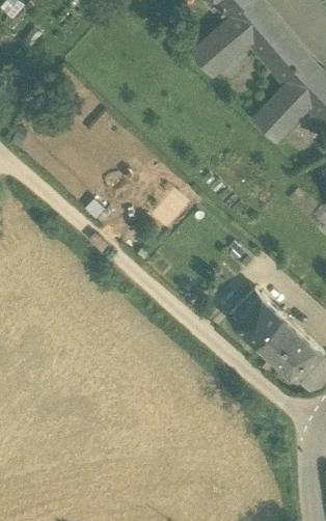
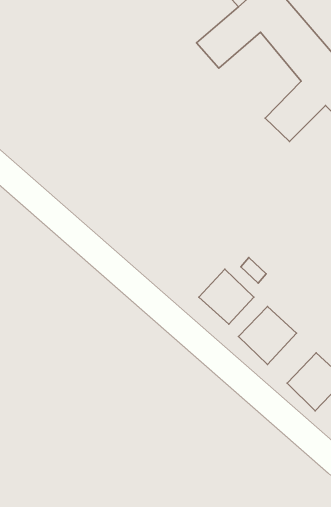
building: none -> [199,269,254,324]
building: [256,314,300,359] -> none

